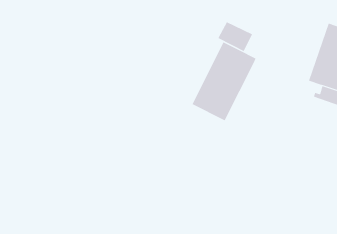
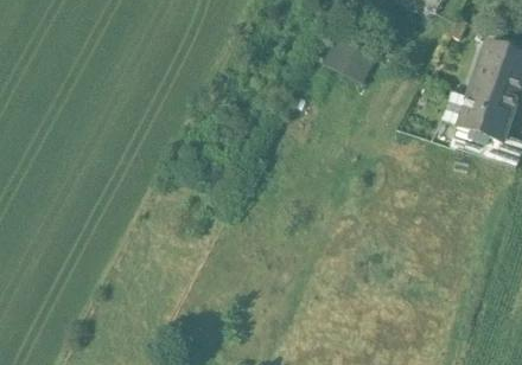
building: [192,42,256,121] -> none

